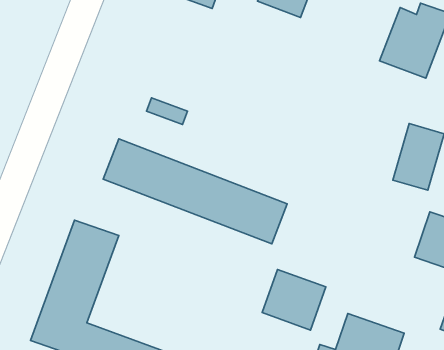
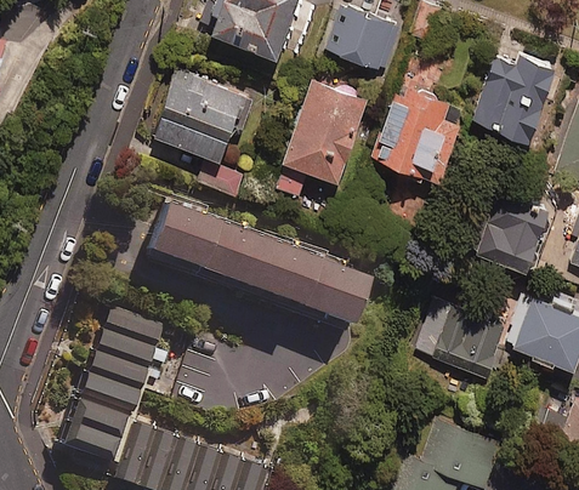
building: none -> [152,67,245,160]
building: none -> [276,79,367,193]
building: none -> [373,86,466,183]
building: [262,269,326,330] -> [431,303,506,375]

